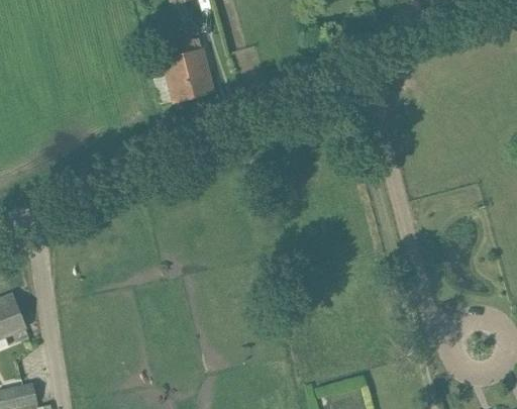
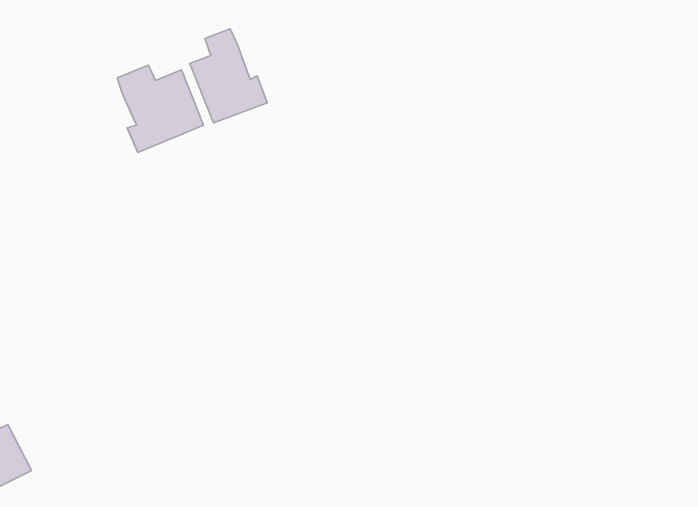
building: none -> [117,65,204,153]

